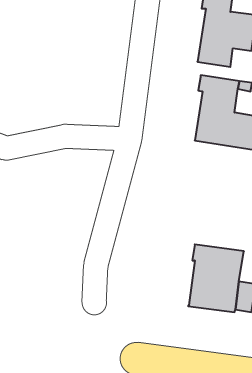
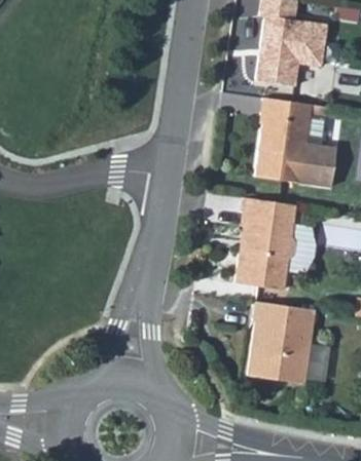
building: none -> [234,197,295,287]

